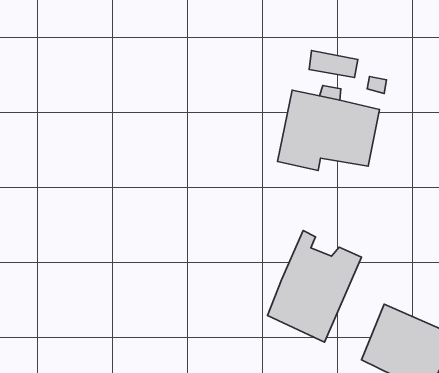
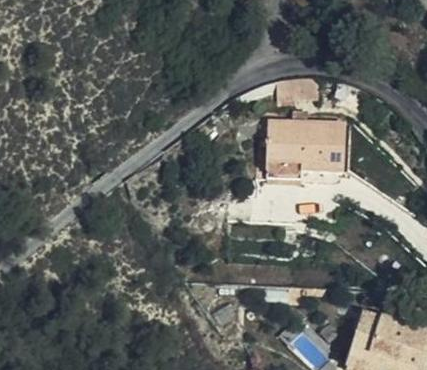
building: [268,231,362,342] -> none

